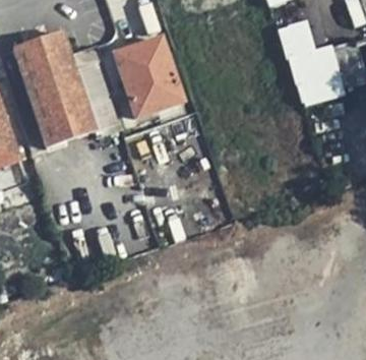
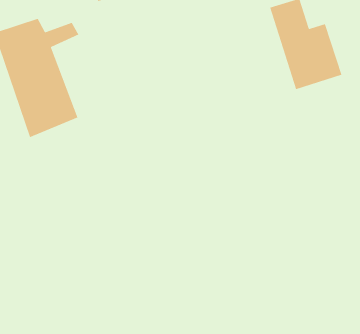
building: [110,35,183,117] -> none

